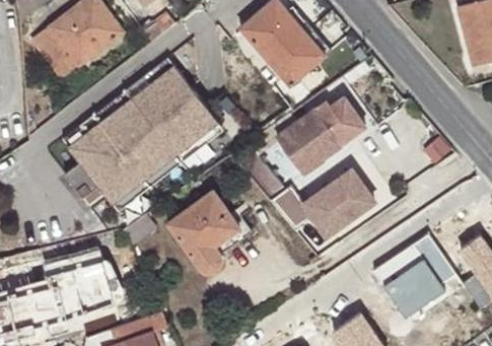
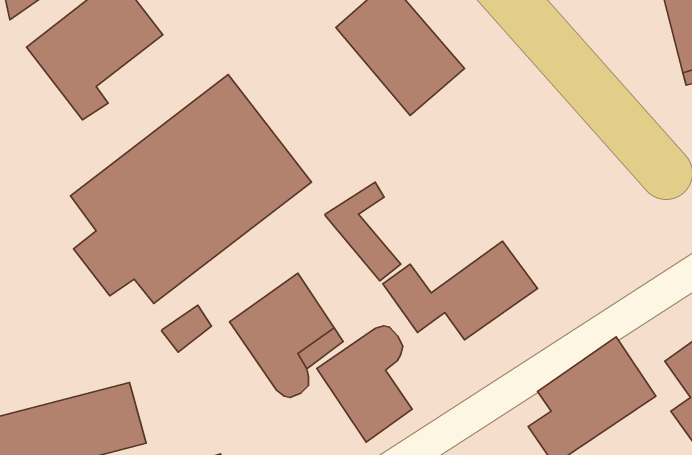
building: [279,94,365,171] -> none
building: none -> [317,326,412,442]

